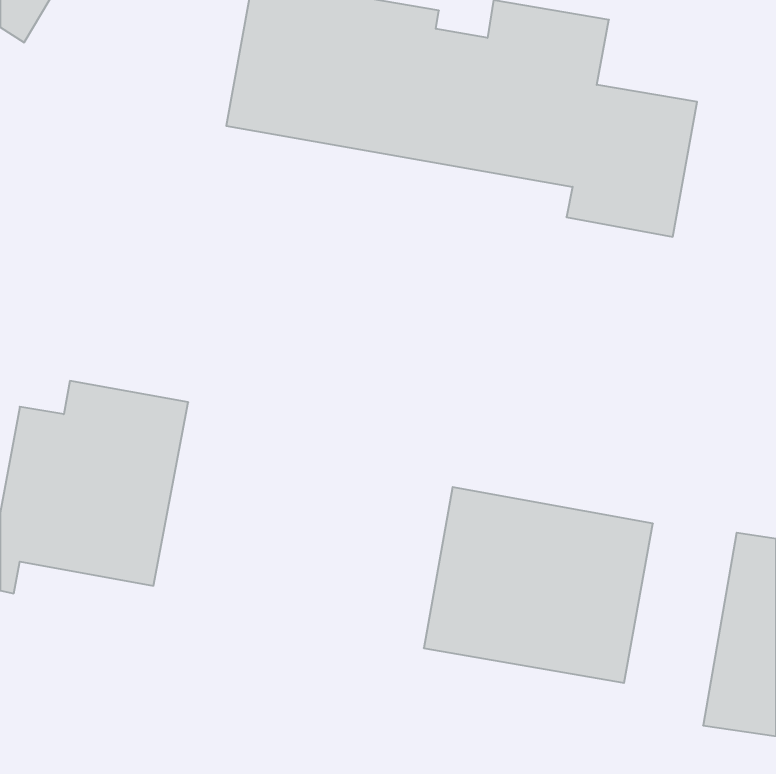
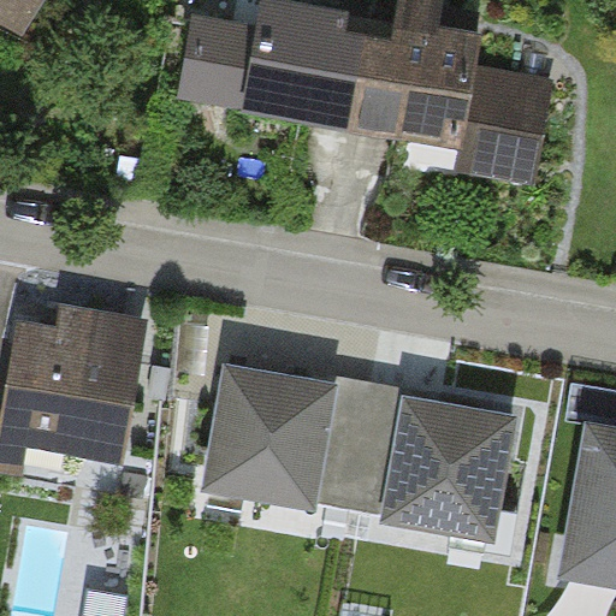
building: none -> [199,362,359,514]

